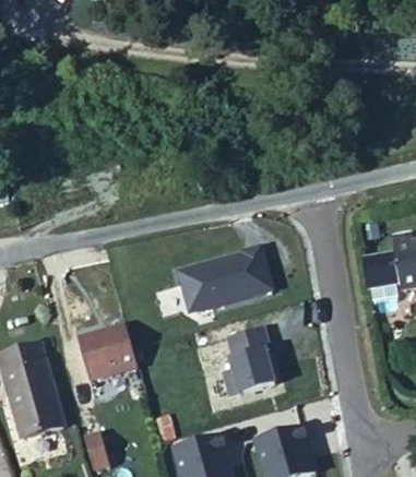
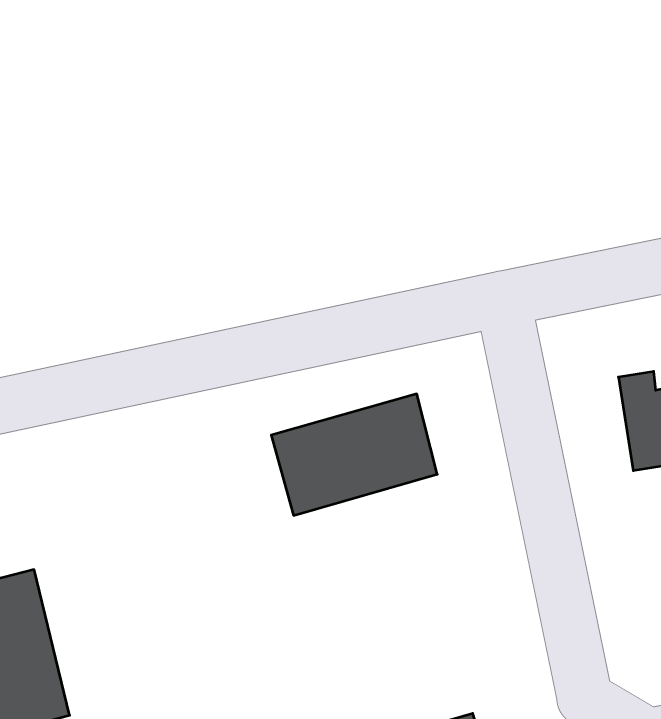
building: [76,324,136,380] -> none
building: [224,324,281,397] -> none

